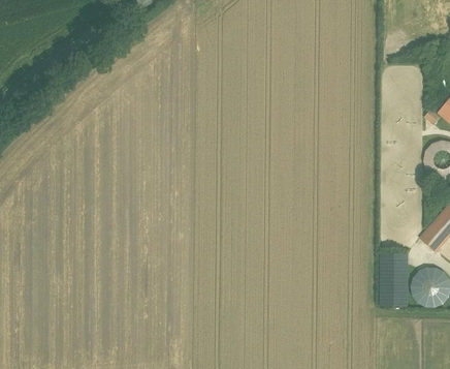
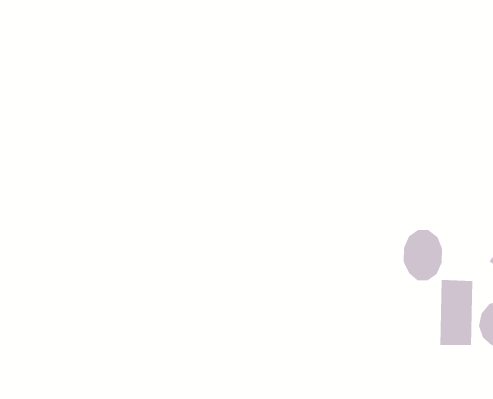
building: none -> [403,229,442,281]

